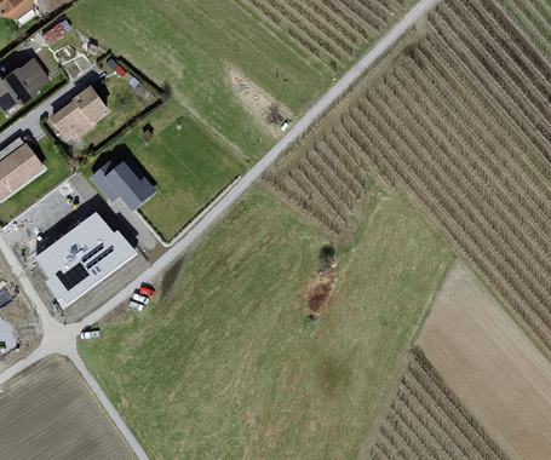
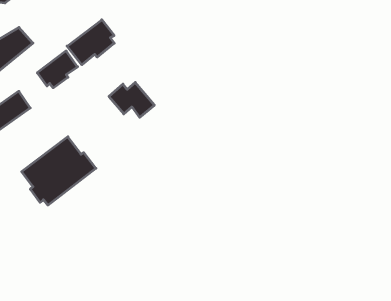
building: none -> [67,20,114,65]
building: [93,160,156,208] -> [109,82,154,117]

